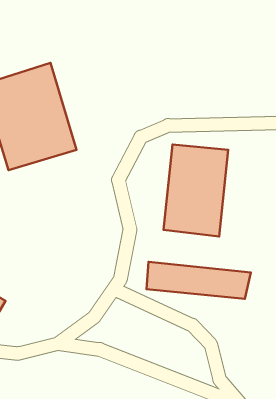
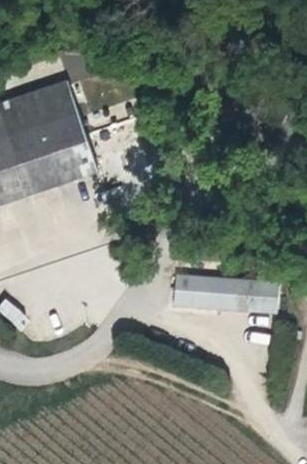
building: [163,144,228,236] -> none

